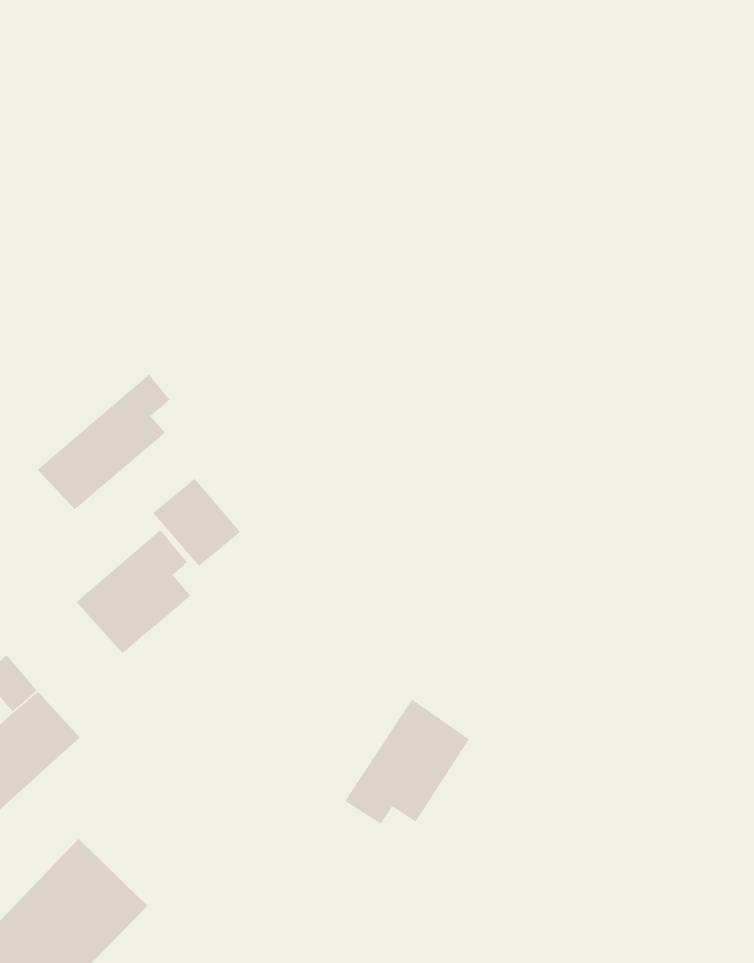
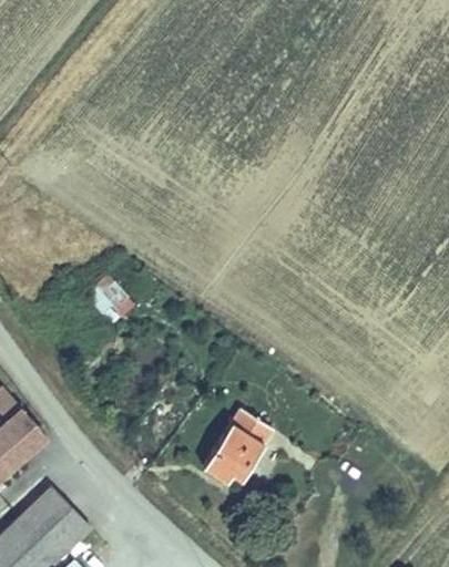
building: [37,373,171,510] -> none
building: [75,529,192,654] -> none

